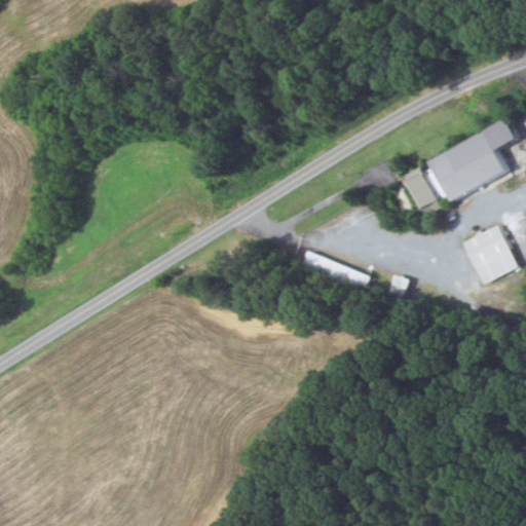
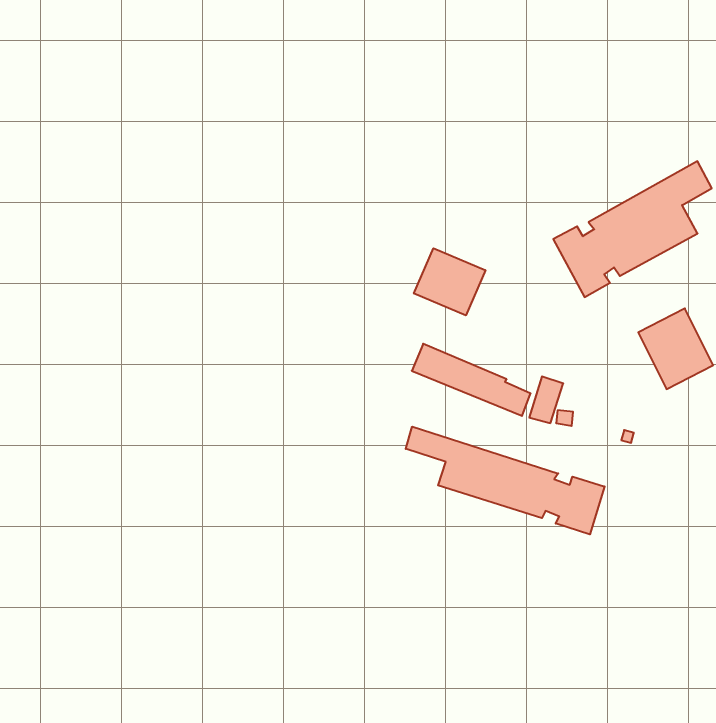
building: none -> [414,248,485,315]
building: none -> [406,427,605,534]

